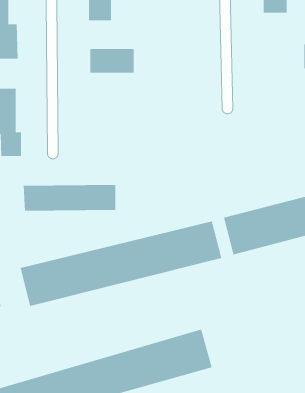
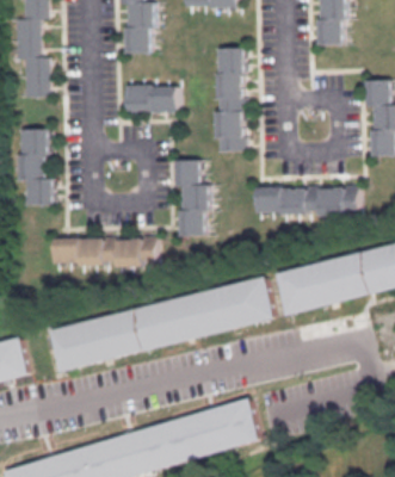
building: none -> [215,48,245,151]
building: none -> [174,160,209,236]
building: none -> [255,185,359,216]

